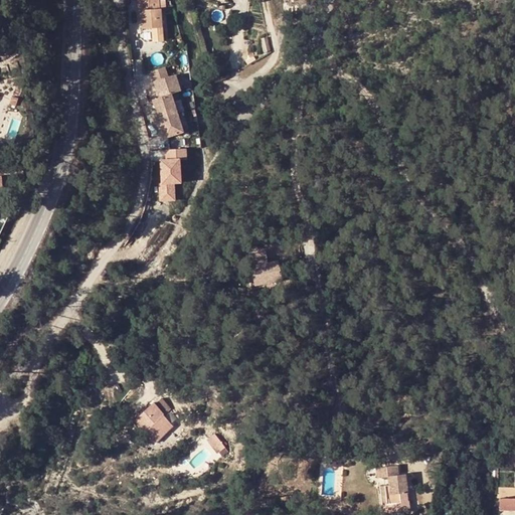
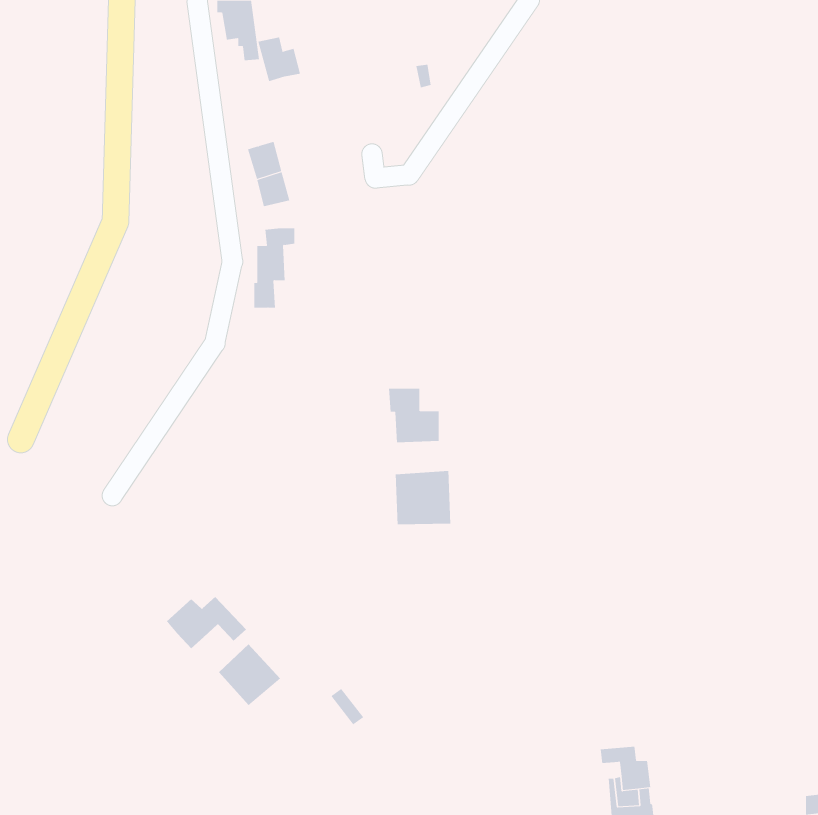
building: [156,66,183,95] -> [257,37,301,82]
building: none -> [395,470,451,525]
building: none -> [166,596,247,649]

